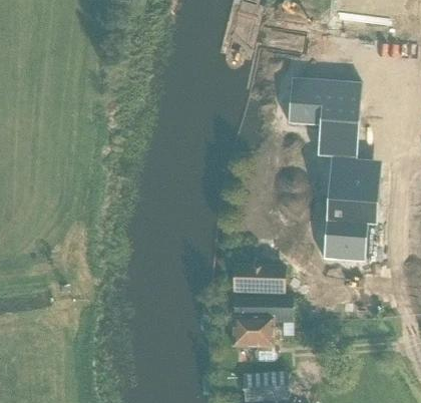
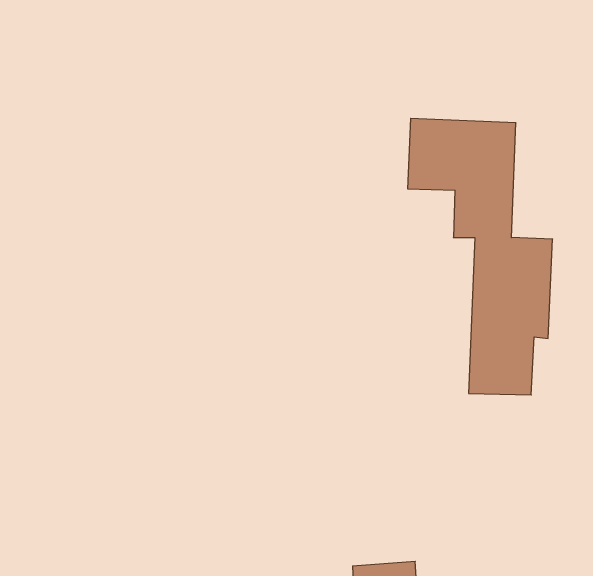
building: [237,266,288,289] -> none
building: [236,297,295,346] -> none

